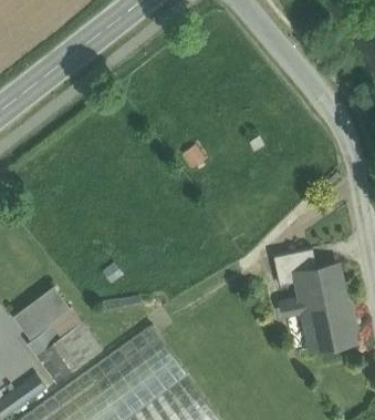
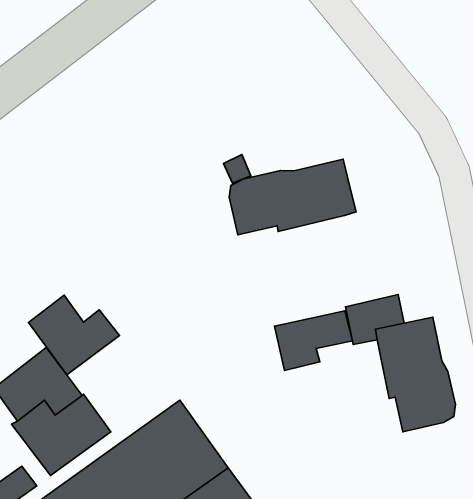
building: none -> [229,159,356,235]
building: none -> [29,295,119,375]
building: none -> [274,311,352,370]

